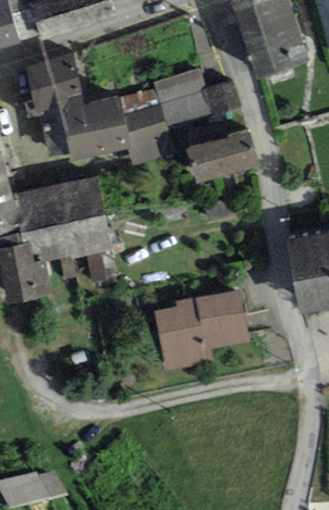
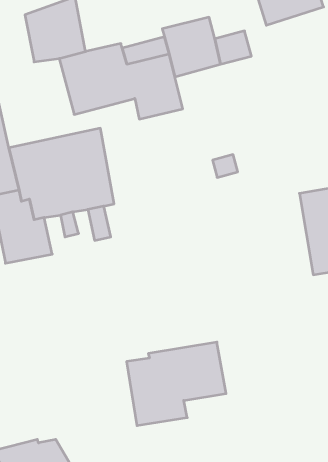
building: [186,132,257,182] -> none
building: [155,290,249,370] -> [127,342,226,426]

